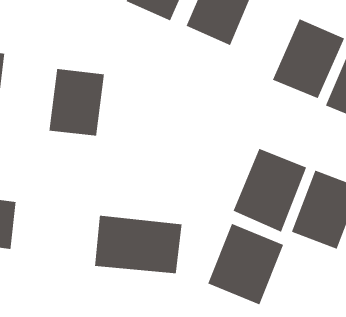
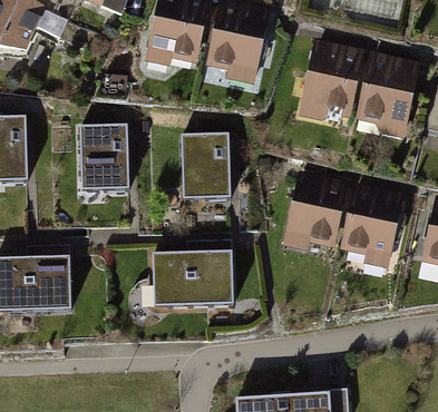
building: none -> [185,129,234,194]
building: [207,223,284,305] -> none

